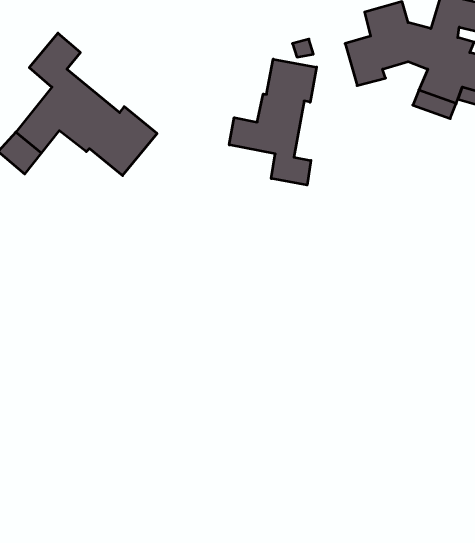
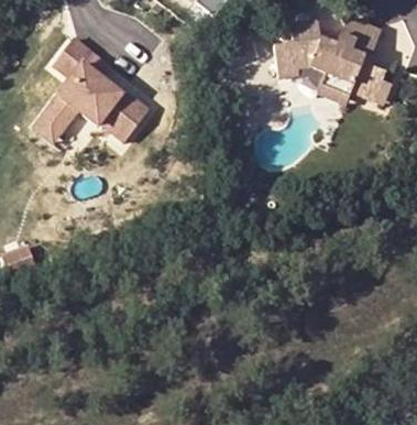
building: [229,59,317,185] -> none

